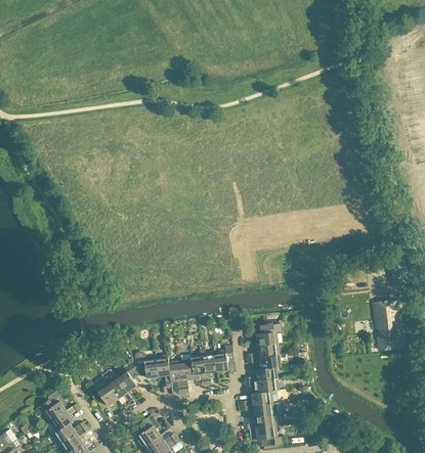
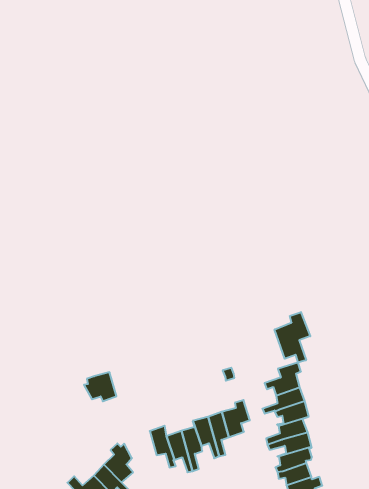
building: none -> [275,312,310,363]
building: [134,357,158,378] -> [84,372,116,401]

